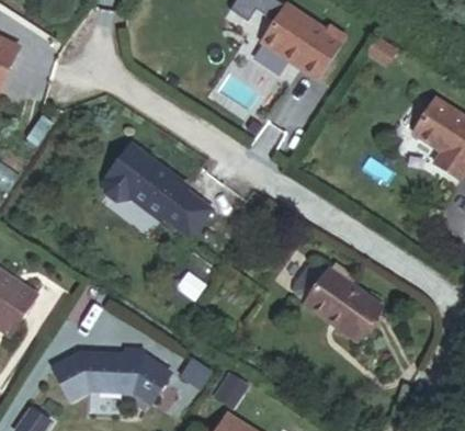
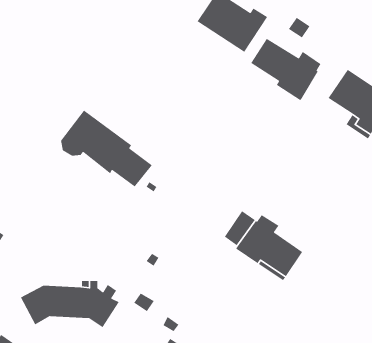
building: none -> [250,38,322,101]

